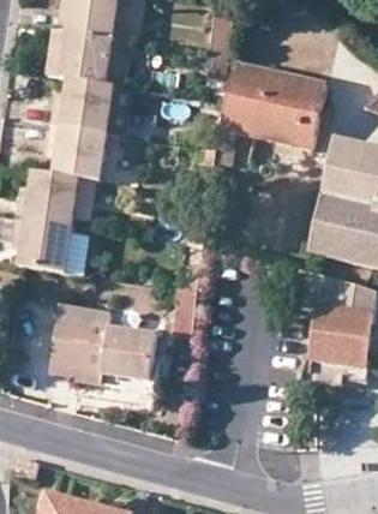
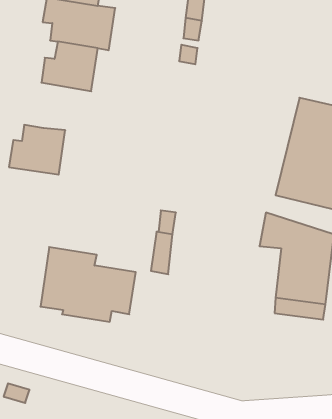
building: [222,61,322,148] -> none
building: [46,122,104,179] -> none
building: [10,216,86,275] -> none

